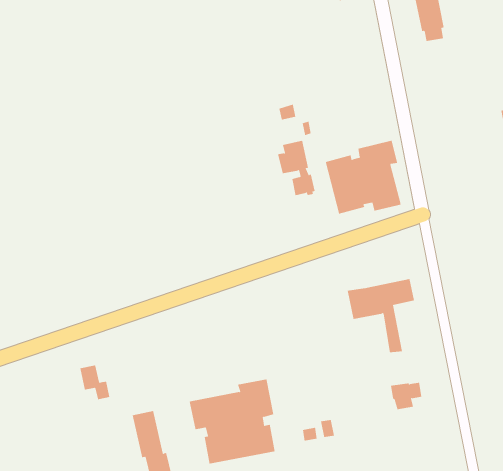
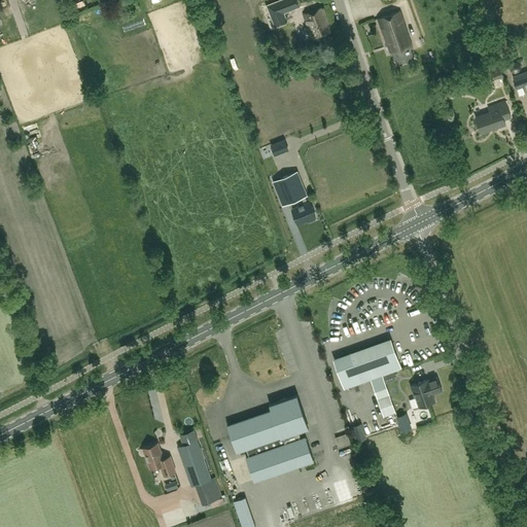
building: [325,140,404,215] -> none
building: [347,279,415,353] -> [336,344,399,415]
building: [80,365,110,400] -> [143,445,175,477]

